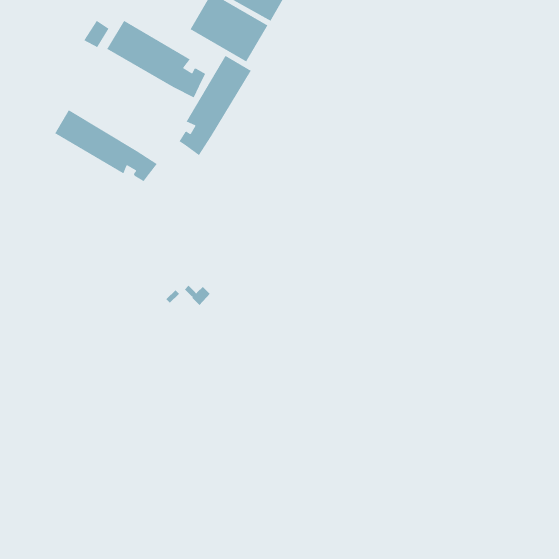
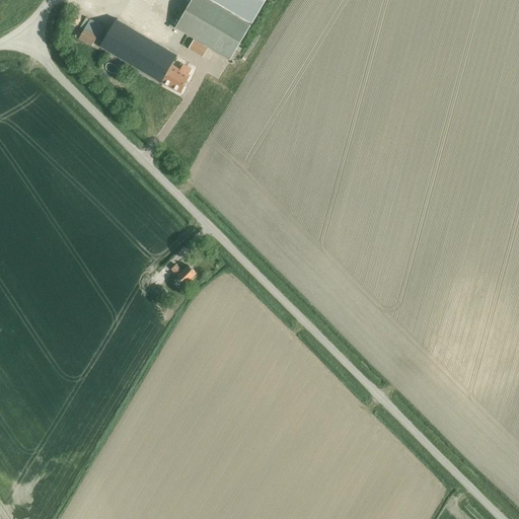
building: [179,55,252,156] -> none
building: [54,109,158,182] -> none

